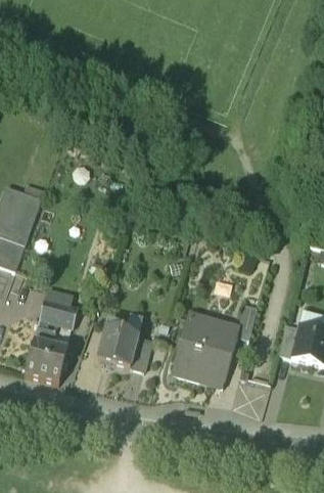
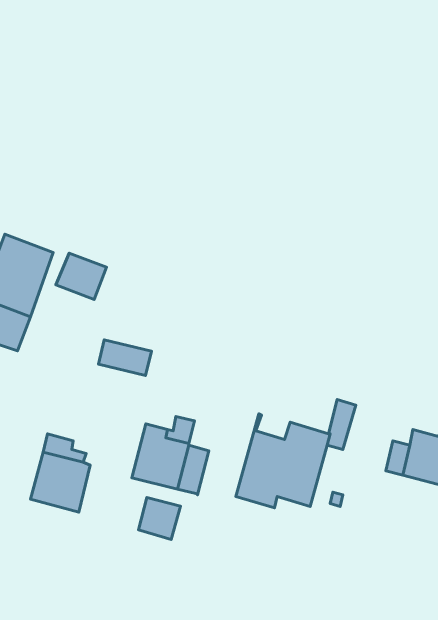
building: none -> [56,253,106,300]
building: [40,300,78,325] -> [99,340,151,376]
building: none -> [138,497,181,540]

